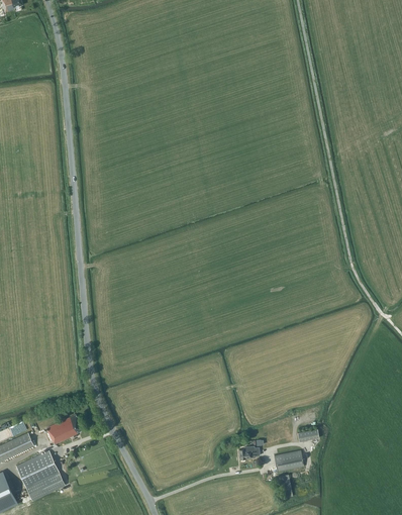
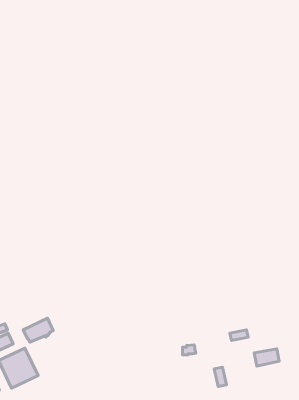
building: [274,450,304,472] -> [254,349,279,366]

